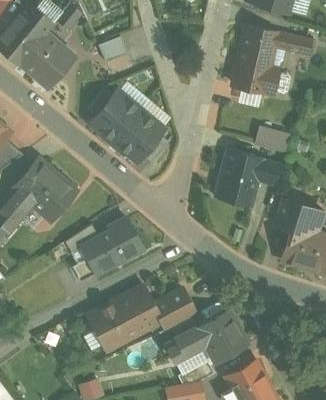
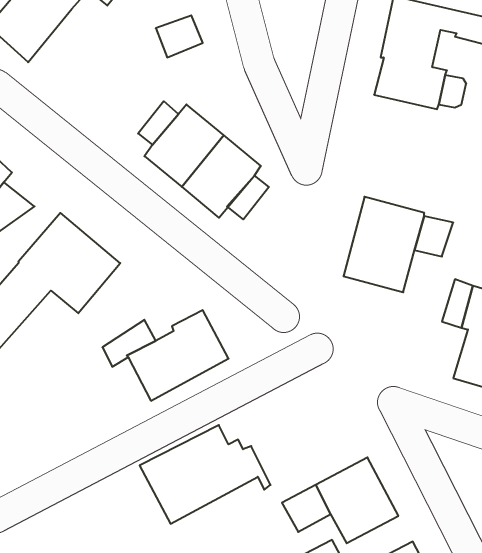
building: [20,32,76,89] -> none
building: [257,126,292,152] -> none
building: [157,288,195,326] -> none

